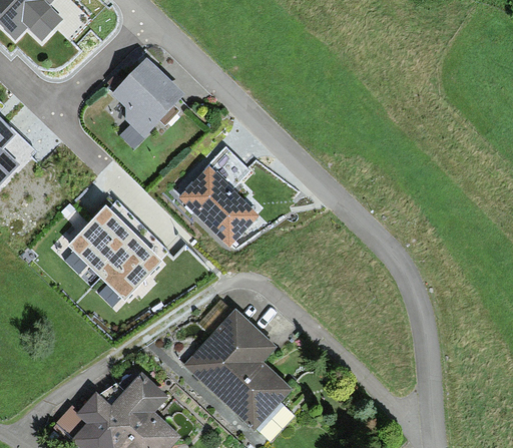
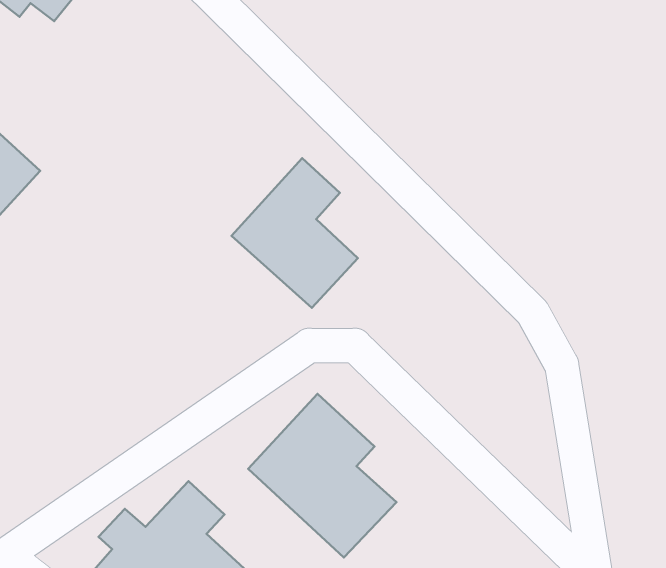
building: [106,59,178,131] -> none
building: [71,211,157,297] -> none

